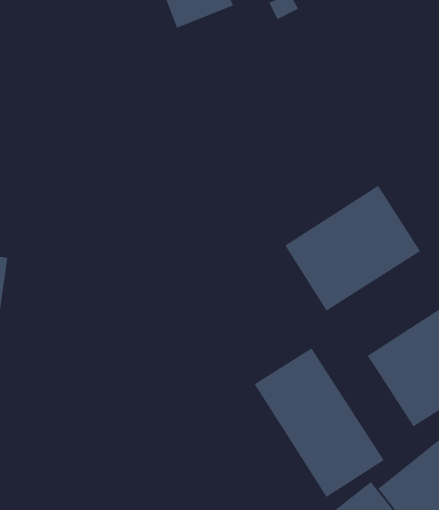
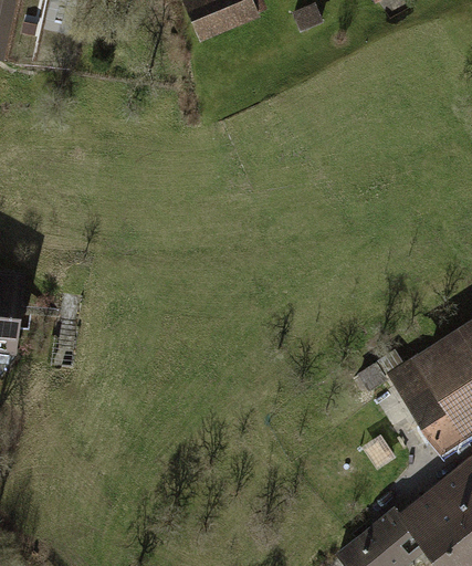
building: [284,185,421,311] -> none
building: [254,347,385,498] -> none

